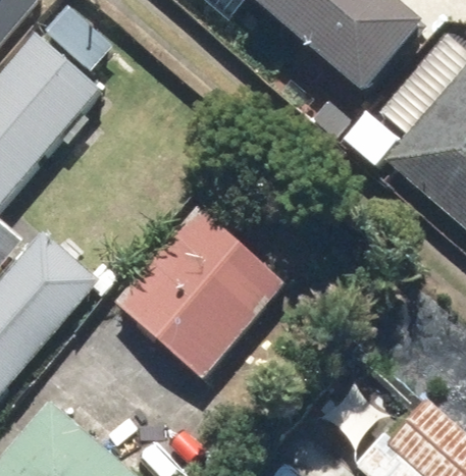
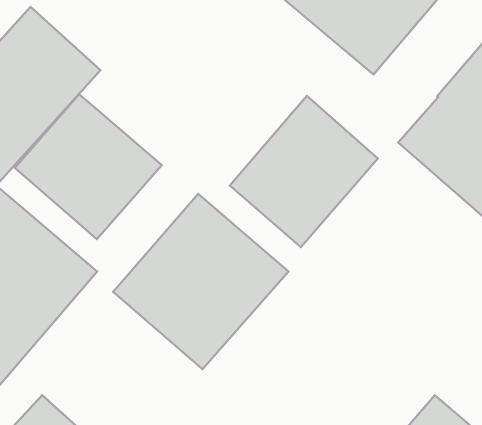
building: none -> [15,94,162,239]
building: none -> [230,96,378,247]

